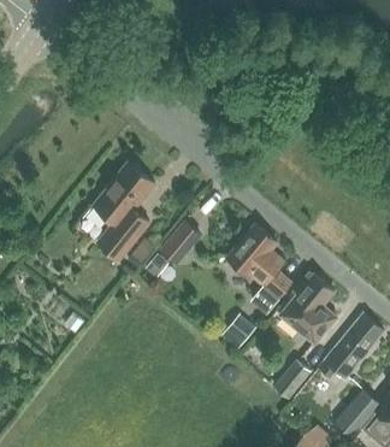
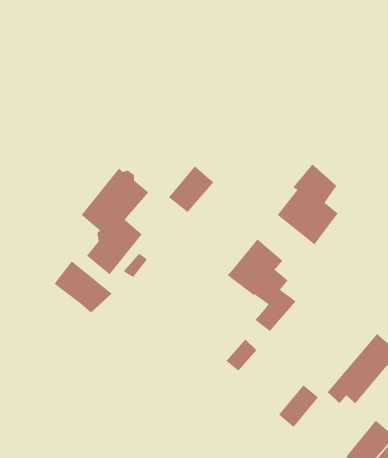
building: [159,220,201,264] -> [168,165,214,213]
building: none -> [54,261,113,313]
building: [279,270,336,345] -> [277,164,339,245]

